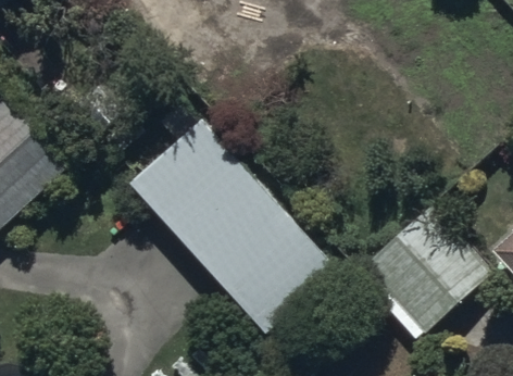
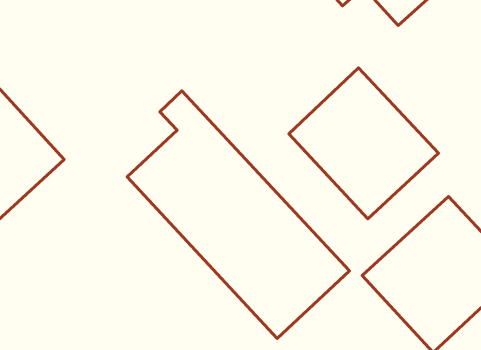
building: none -> [289,68,439,219]

